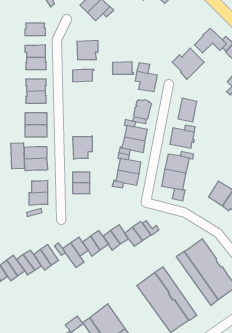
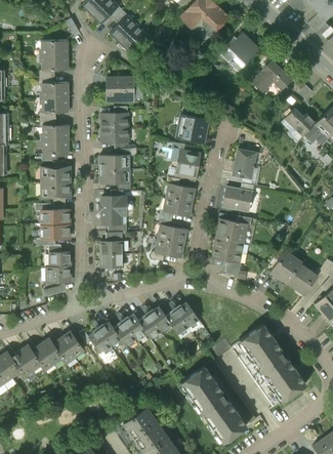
building: none -> [41,40,67,55]
building: [172,48,204,79] -> [219,34,259,73]
building: [112,62,134,74] -> [100,127,127,142]
building: none -> [99,155,128,183]
building: [11,143,24,169] -> none

